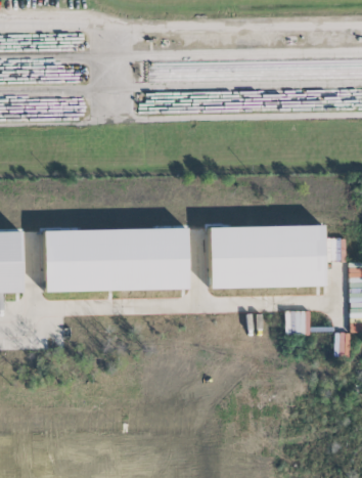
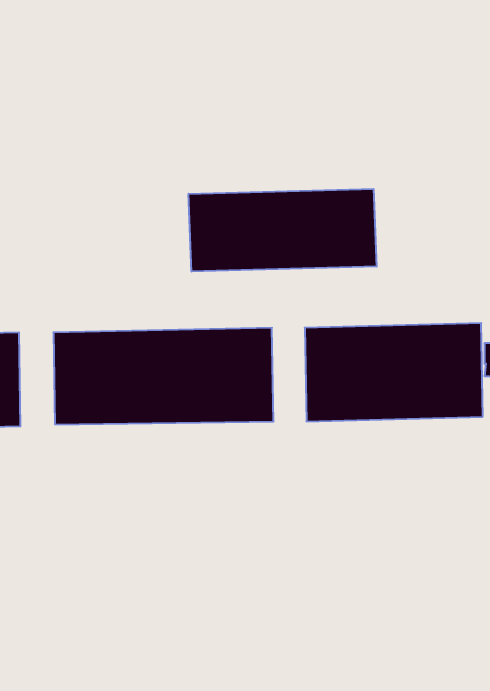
building: none -> [189,189,377,272]
building: [286,310,311,335] -> none

